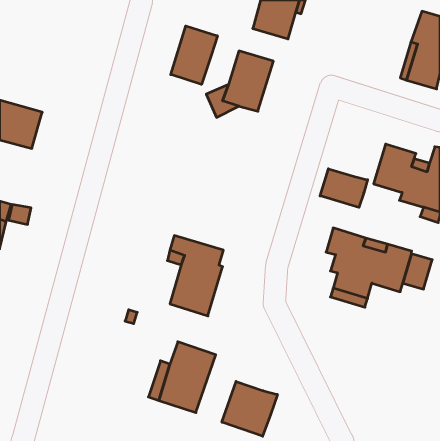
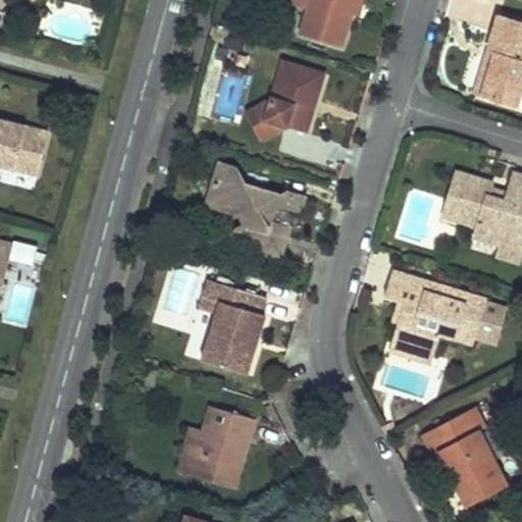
building: [171,26,217,84] -> none
building: none -> [206,162,303,257]
building: [320,169,368,207] -> none
building: none -> [422,407,509,504]
building: [222,381,277,436] -> none

